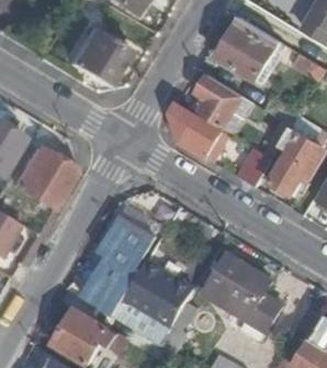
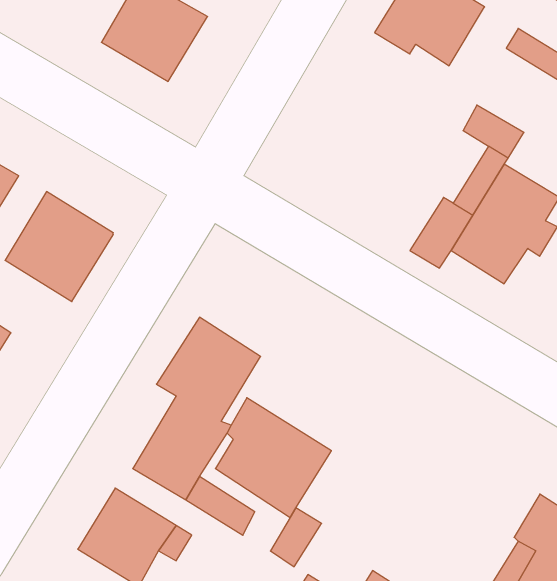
building: [195,76,244,128] -> none
building: [170,104,222,159] -> none
building: [203,250,286,327] -> none

